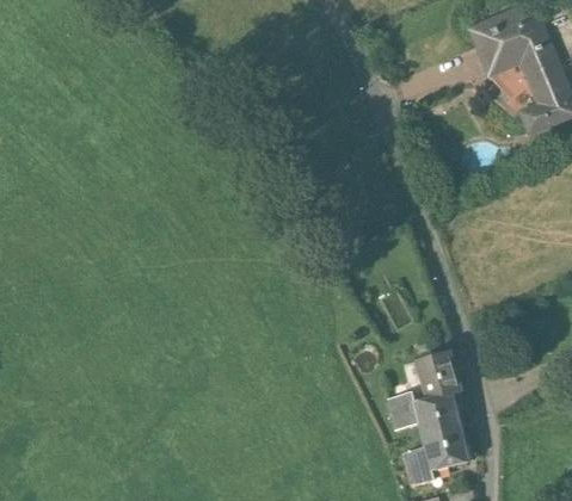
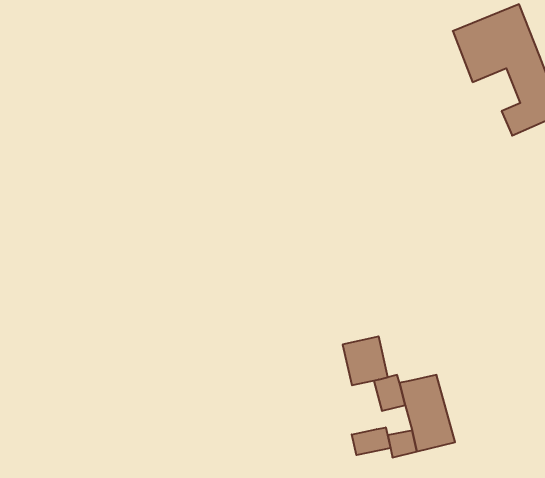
building: [416,347,462,397] -> [343,336,388,385]
building: none -> [352,427,390,455]

